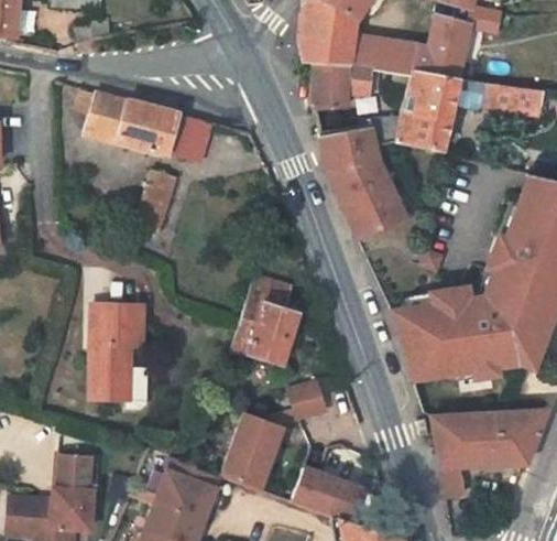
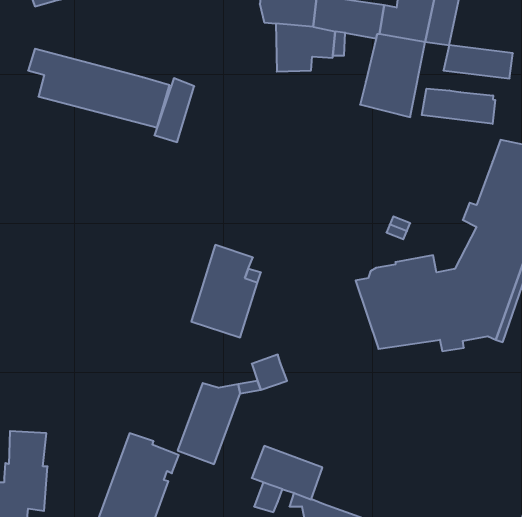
building: none -> [422,89,495,124]
building: [319,125,402,235] -> none
building: [135,170,174,231] -> [154,78,194,142]
building: [89,304,145,409] -> none
building: [432,412,546,496] -> none

